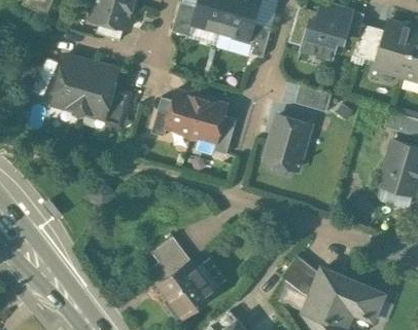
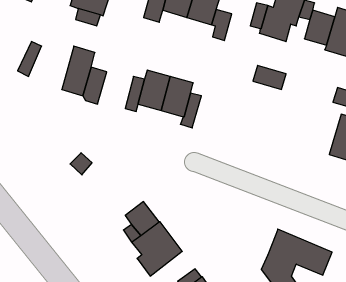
building: [53,57,94,112] -> none
building: [265,115,310,170] -> none
building: [281,256,320,297] -> none

